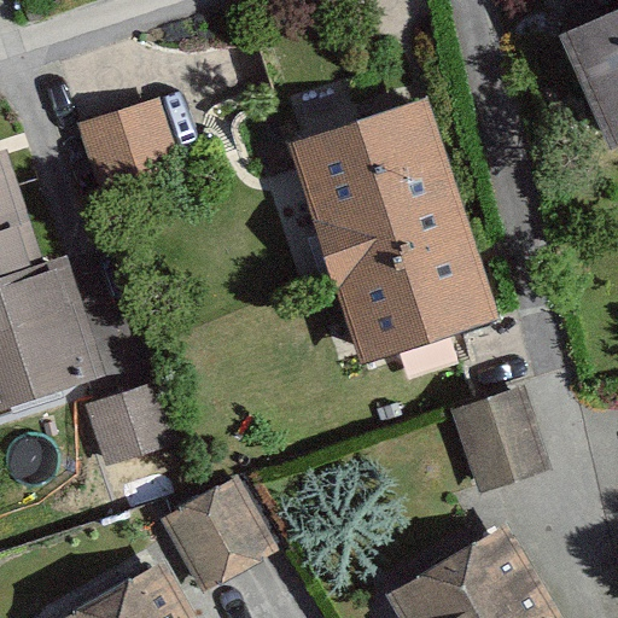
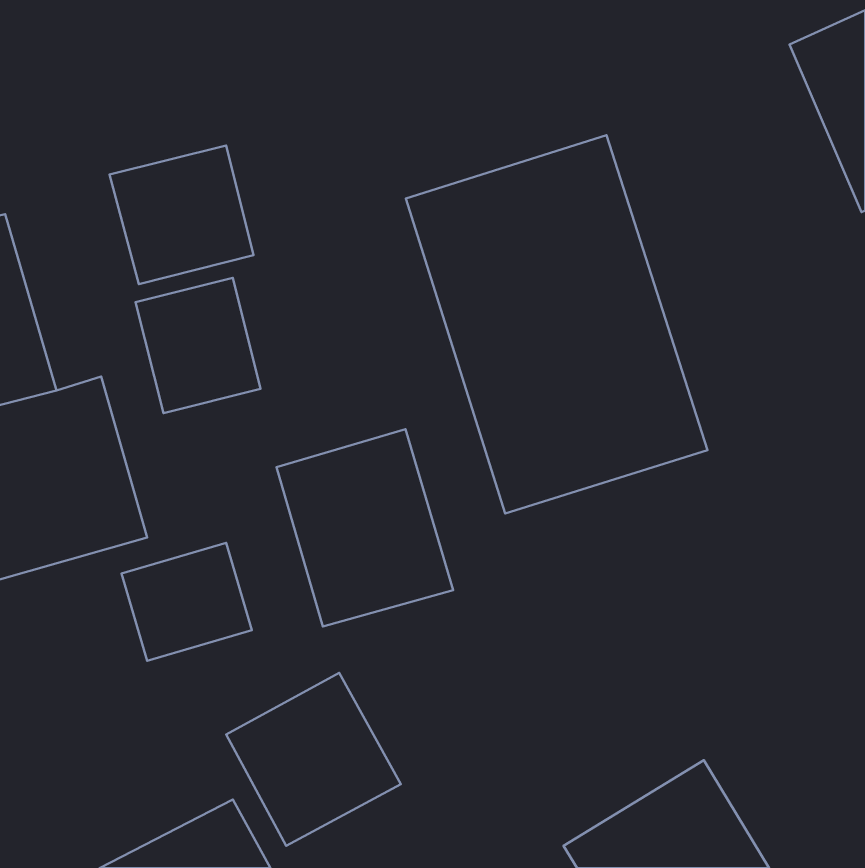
building: none -> [136,278,261,413]
building: none -> [277,429,453,626]
building: [456,392,541,486] -> none

